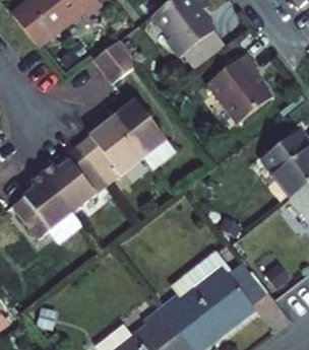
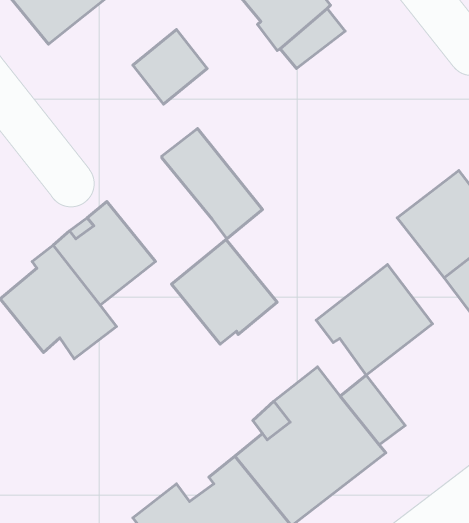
building: [207,48,270,118] -> none
building: [76,119,142,185] -> [172,239,277,344]
building: none -> [316,265,432,375]

